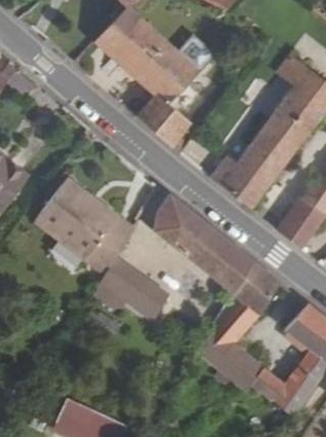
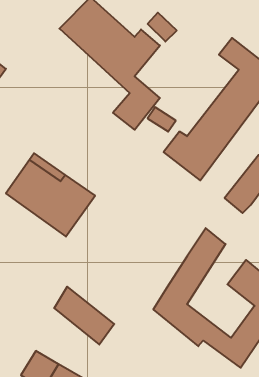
building: [161,202,255,294] -> none
building: [105,255,171,319] -> [54,287,114,345]

